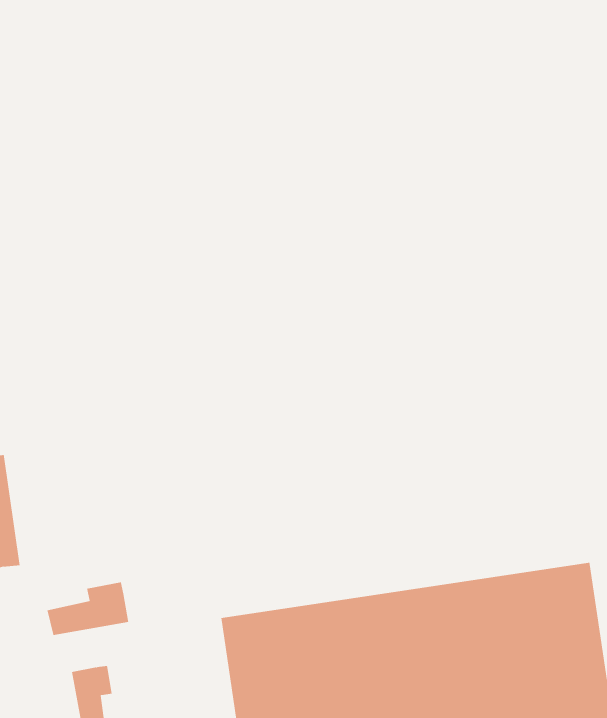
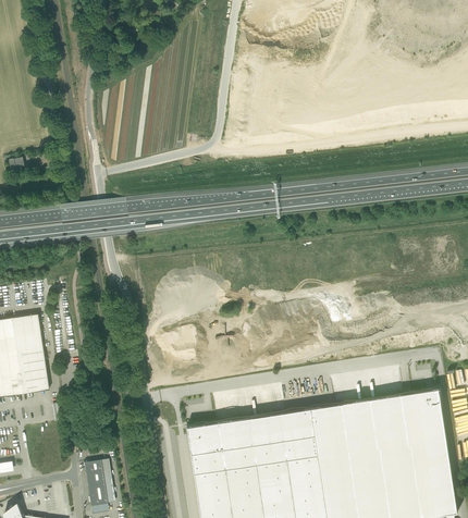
building: [47,582,129,636] -> none

